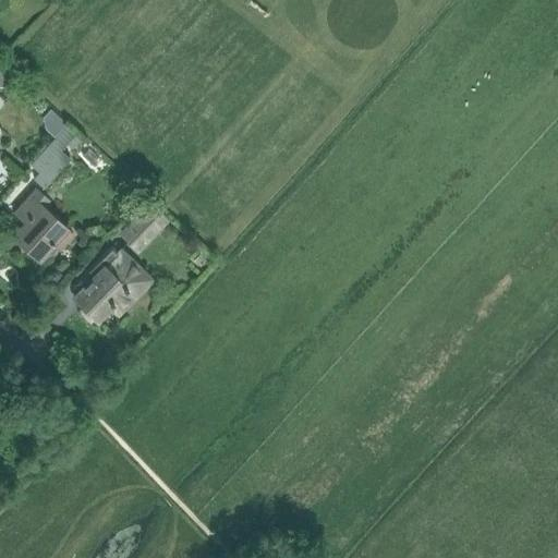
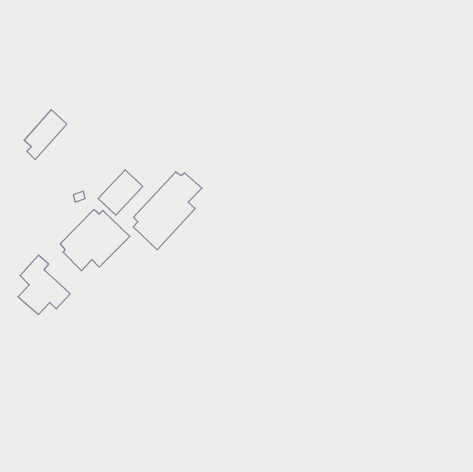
building: [13,191,74,260] -> [18,255,70,314]
building: none -> [133,172,202,250]

